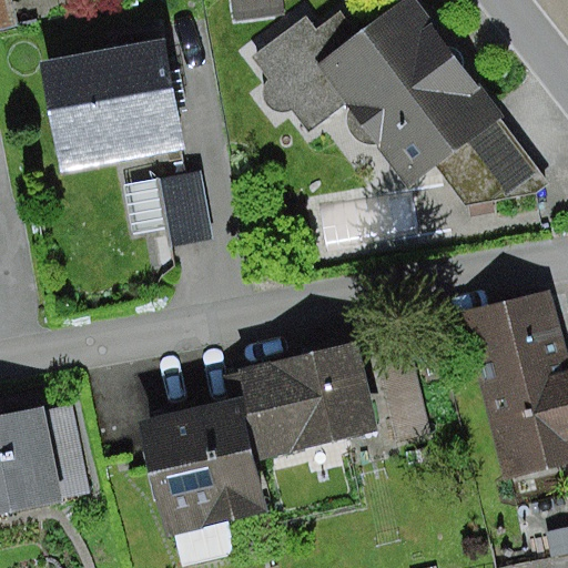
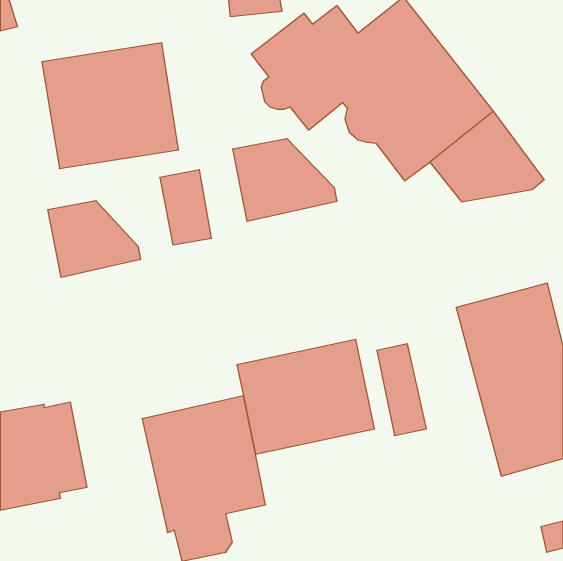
building: none -> [233,139,337,221]
building: none -> [48,201,140,277]

